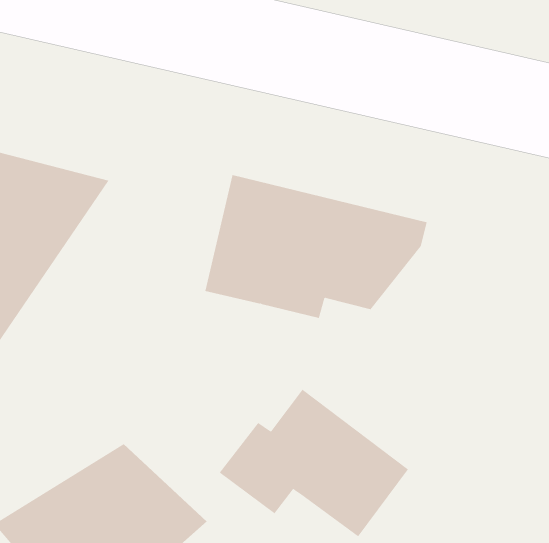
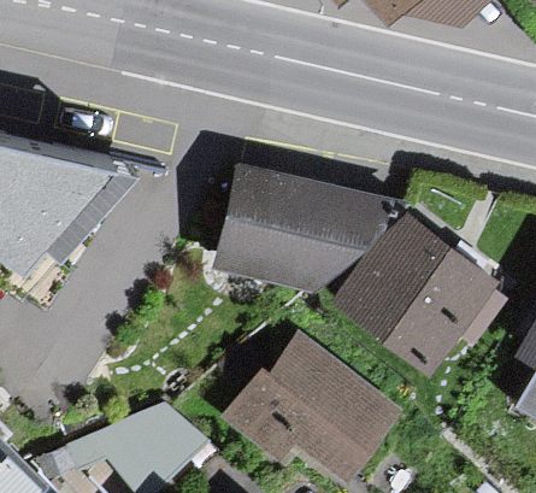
building: none -> [338,217,490,370]

